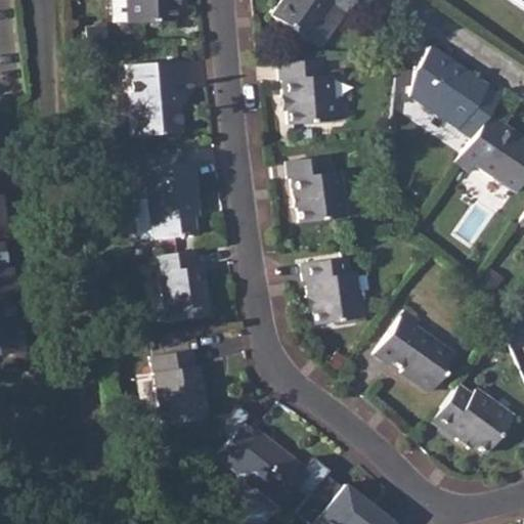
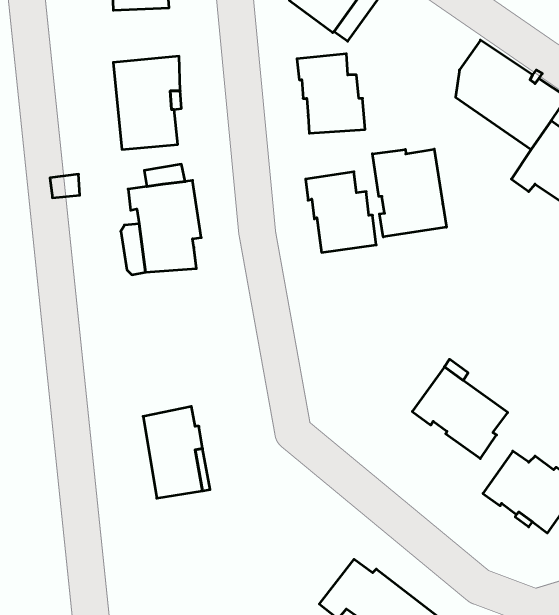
building: none -> [372,149,446,237]
building: [150,250,211,321] -> none
building: [303,257,362,324] -> none
building: [217,427,309,508] -> none

